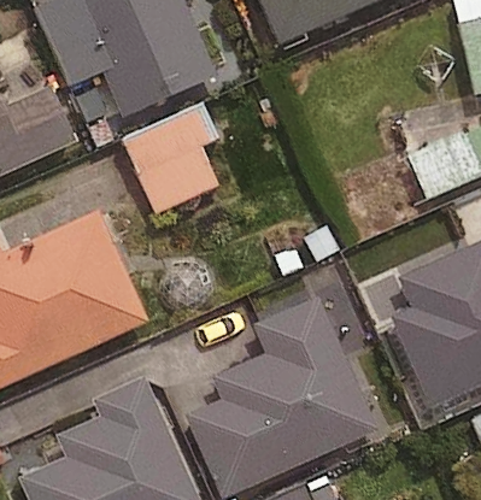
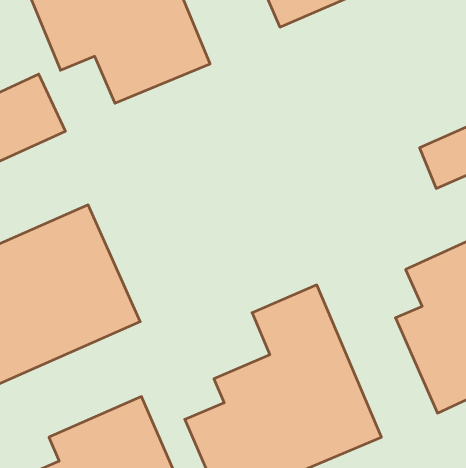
building: [123,102,218,211] -> none

